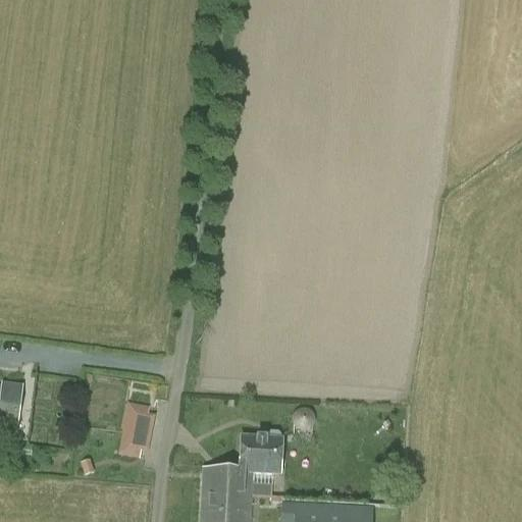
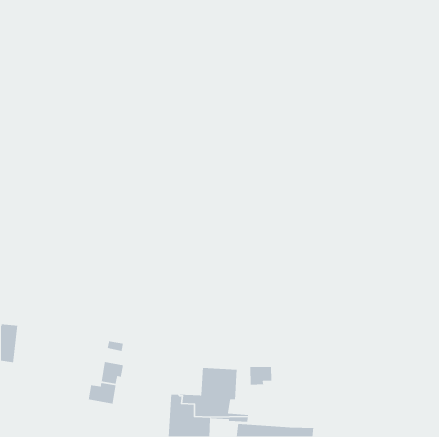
building: none -> [249,366,272,386]
building: none -> [88,382,116,404]

